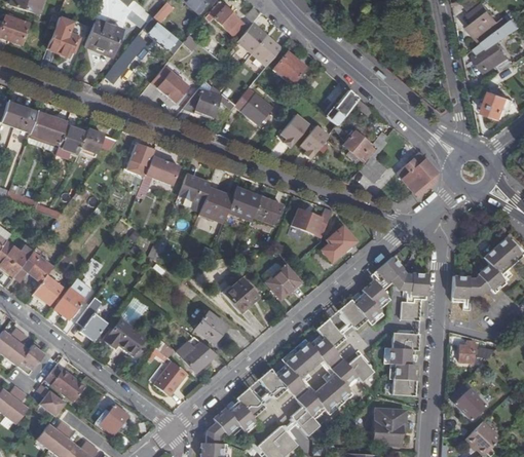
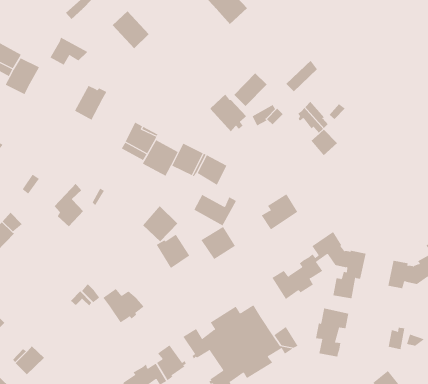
building: [273,51,306,84] -> none
building: [235,88,272,125] -> [210,93,247,132]
building: [195,89,221,116] -> none
building: [79,128,116,156] -> [49,37,88,66]
building: [397,153,438,192] -> none
building: [139,155,179,191] -> none
building: [291,207,332,237] -> [193,194,237,226]
building: [76,296,106,340] -> [54,183,84,227]
building: [195,307,230,343] -> [142,205,178,242]
building: [103,315,149,354] -> none
building: [317,317,345,347] -> none
building: [155,358,189,394] -> none
building: [392,376,416,393] -> none

